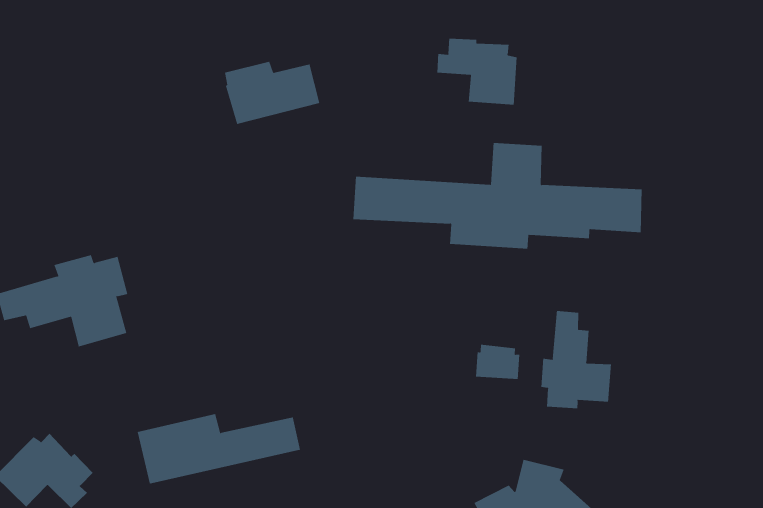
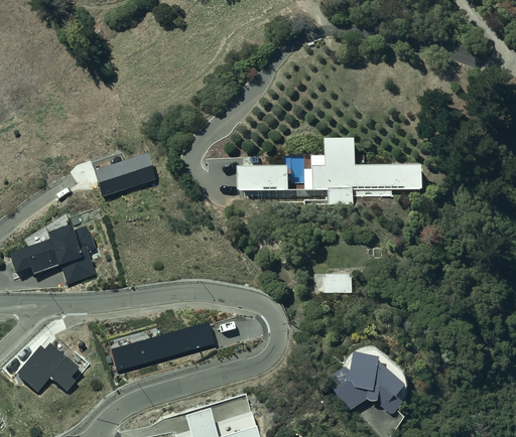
building: [437,38,517,105] -> none
building: [224,61,320,125] -> [91,154,154,196]
building: [541,310,612,409] -> none

